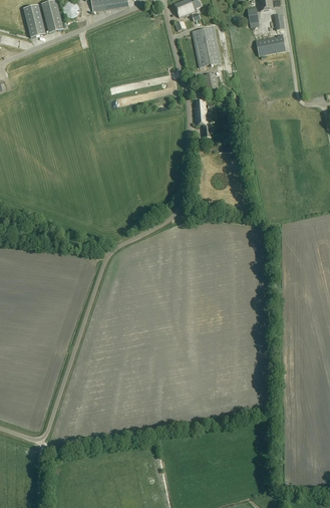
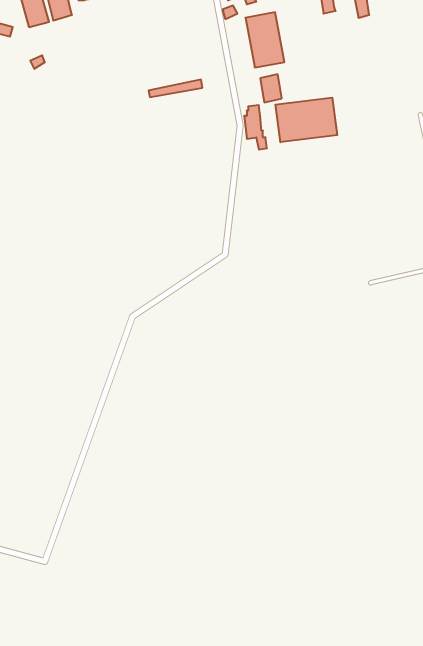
building: [256,35,286,56] -> none
building: none -> [275,98,337,142]

